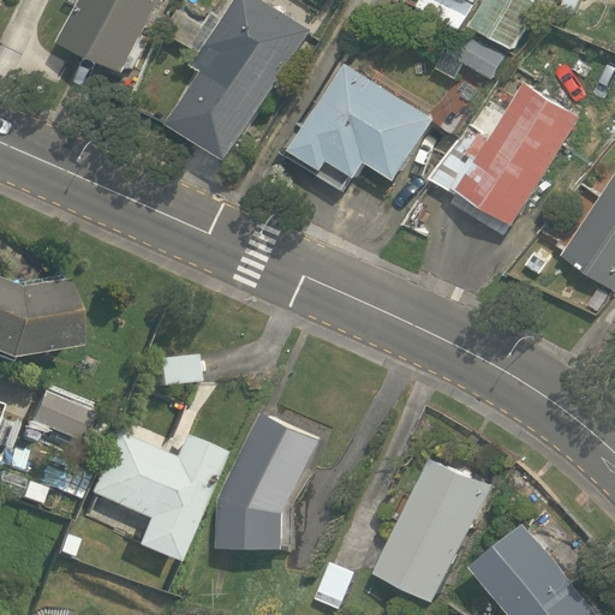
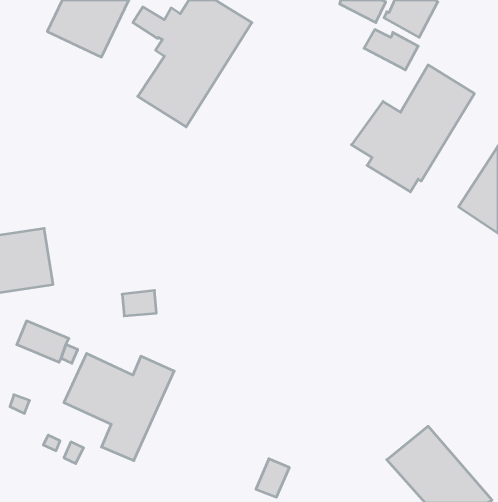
building: [277,64,432,196] -> none
building: [219,411,320,545] -> none
building: [376,458,489,596] -> none

